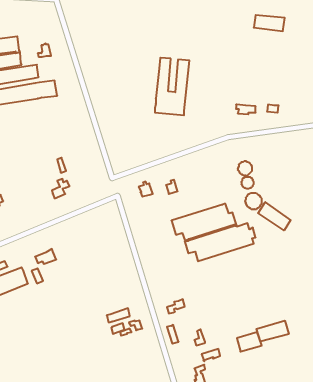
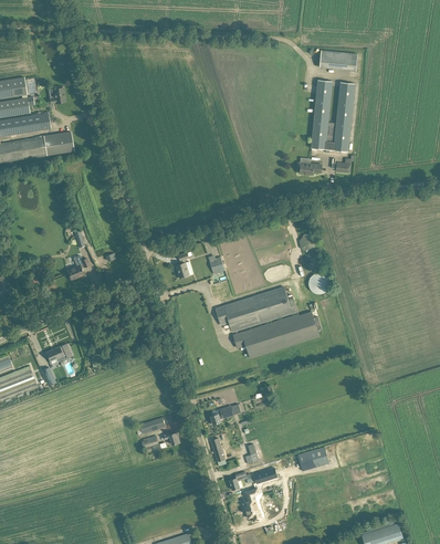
building: [155,58,189,115] -> [312,80,355,151]
building: [258,202,291,230] -> none
building: [256,321,289,341] -> none

